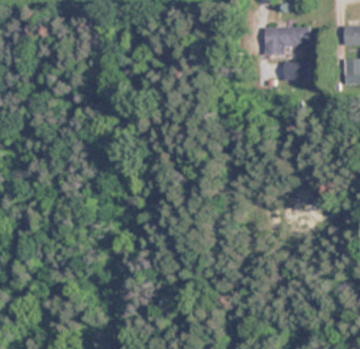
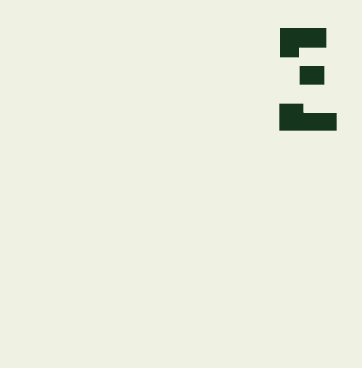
building: none -> [279,103,337,132]

